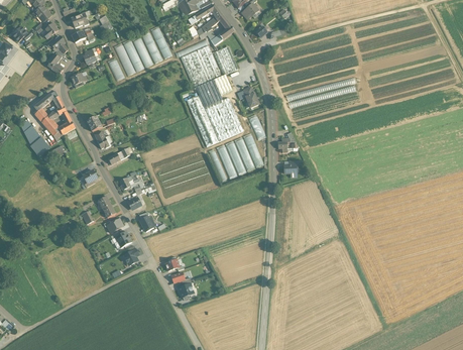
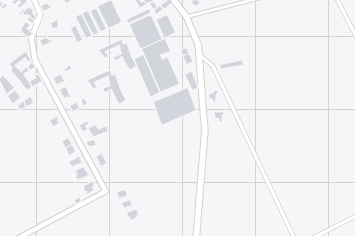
building: none -> [98,39,137,70]
building: none -> [87,70,126,104]

